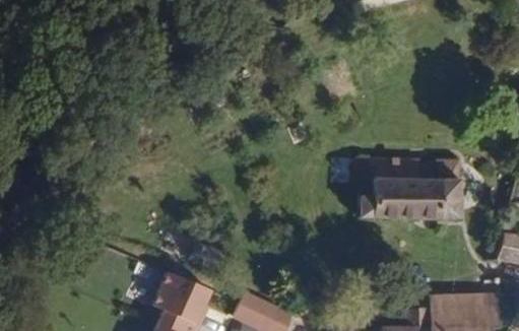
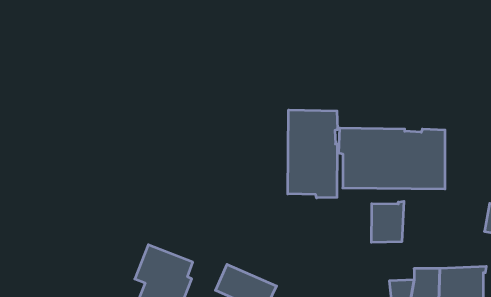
building: none -> [288,110,337,198]
building: none -> [371,201,404,242]

